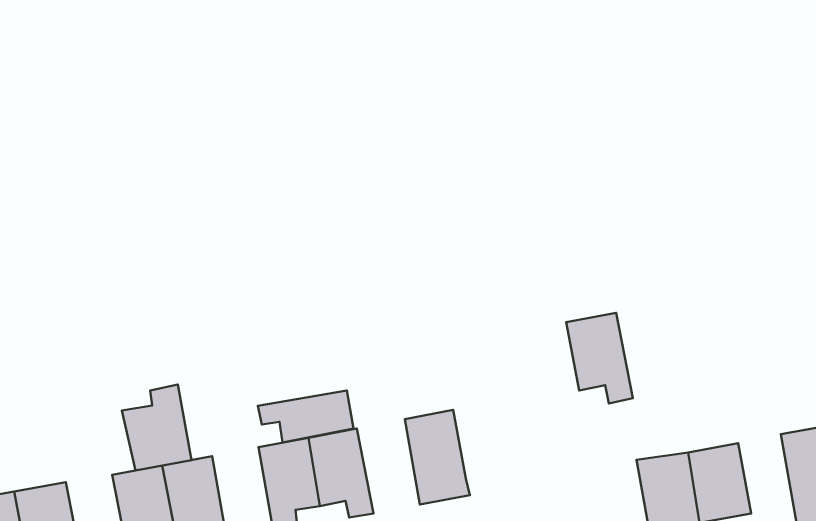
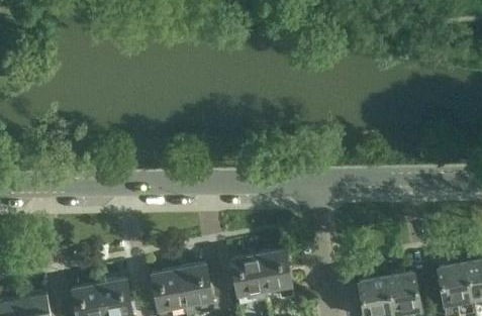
building: [566,313,633,404] -> [258,247,294,297]
building: [122,384,191,470] -> none
building: [258,391,353,443] -> none

